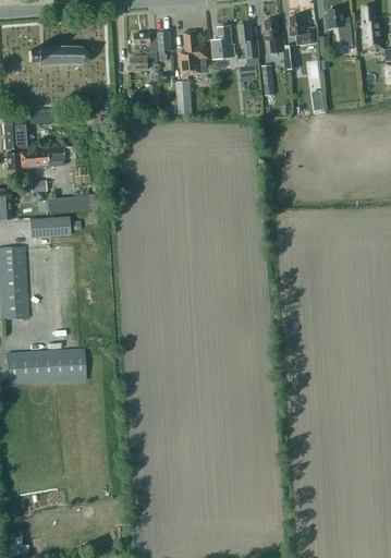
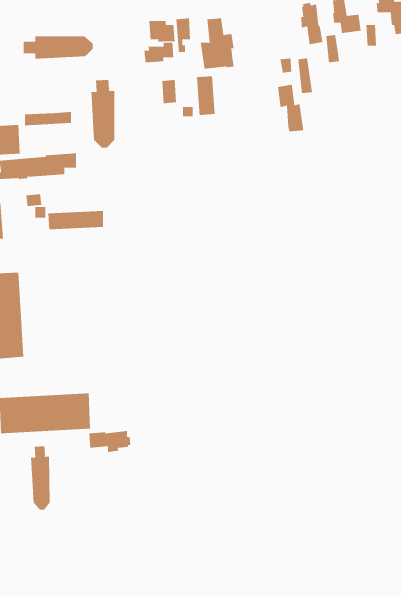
building: [237,24,260,64] -> [277,84,304,132]
building: [210,26,234,60] -> none
building: none -> [91,79,115,148]
building: [29,217,70,238] -> none
building: none -> [89,430,131,453]
building: none -> [30,446,50,511]

